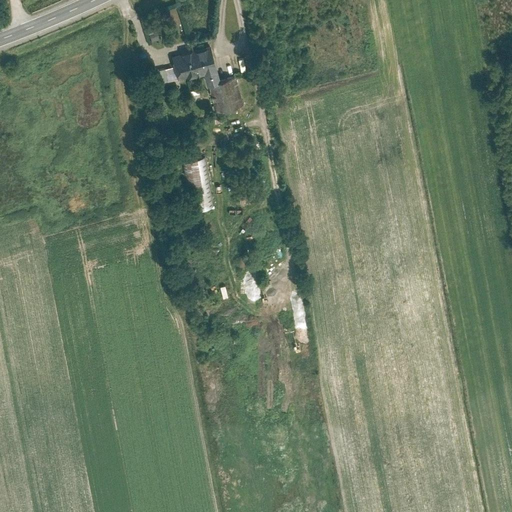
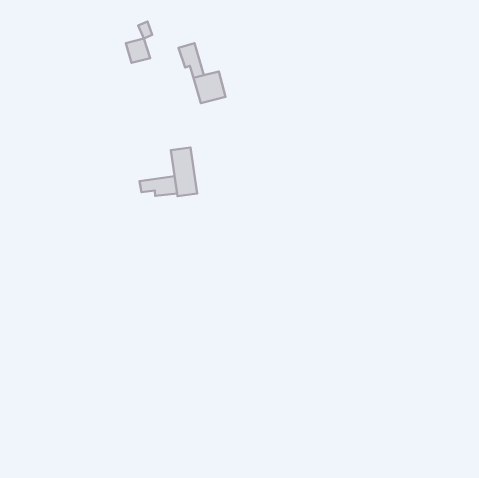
building: [171,53,197,79] -> [126,39,150,63]
building: none -> [140,176,177,196]

